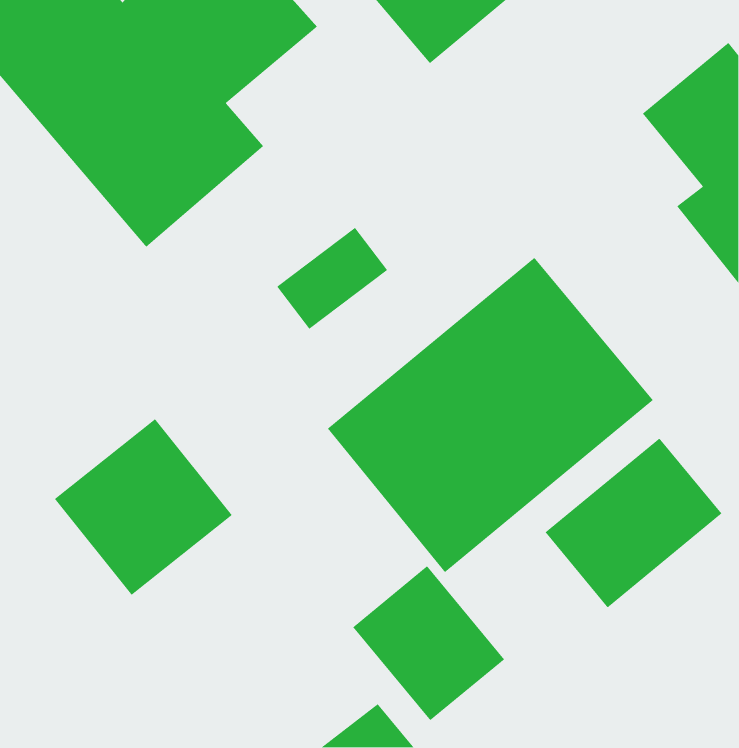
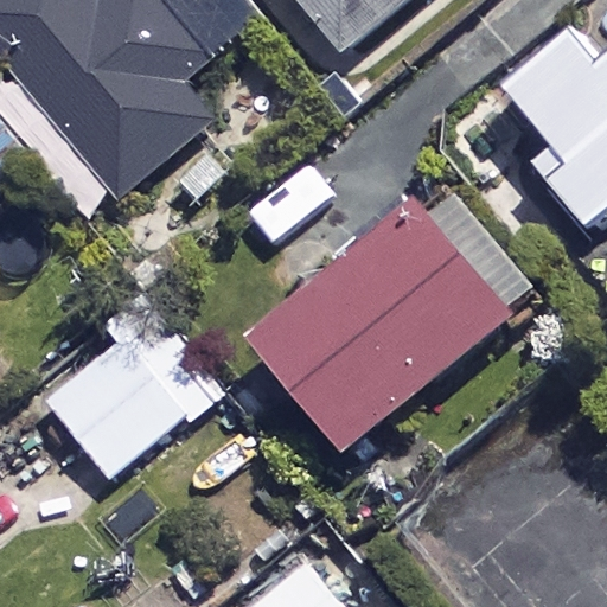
building: [544,437,722,608] -> none
building: [352,565,505,721] -> none

